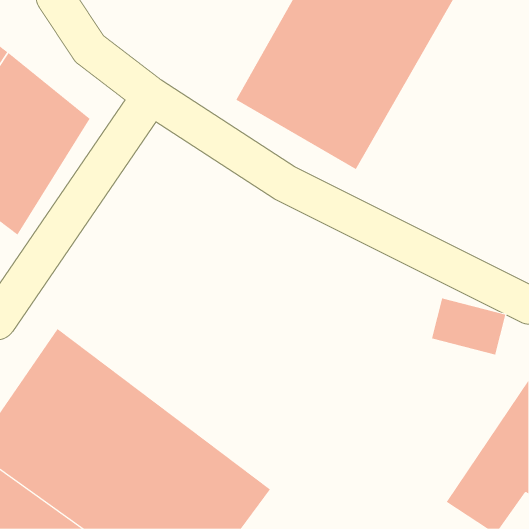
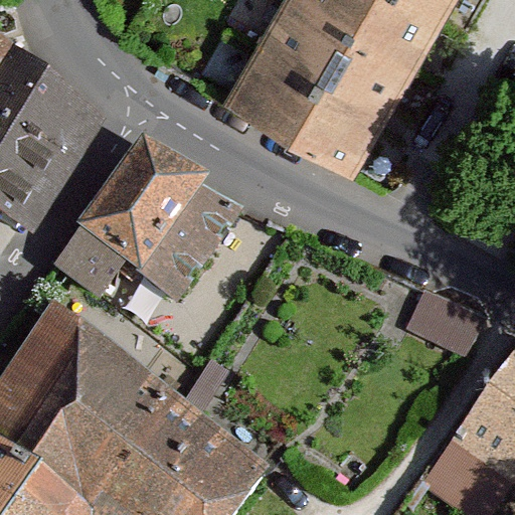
building: none -> [55,150,237,300]

